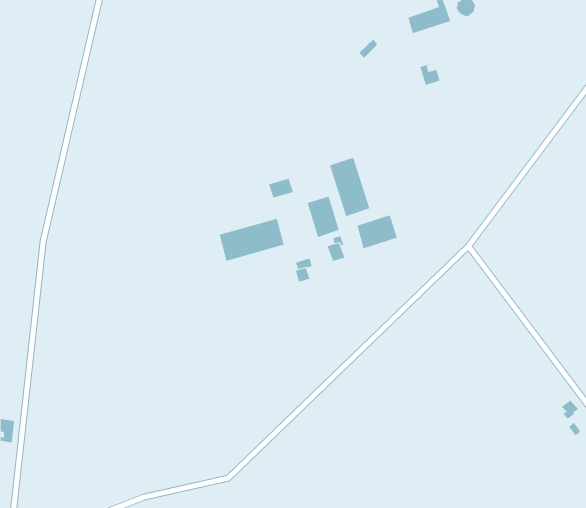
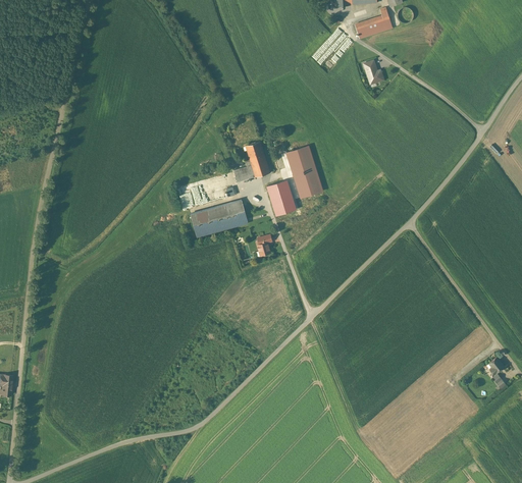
building: none -> [246,141,270,176]
building: [357,215,398,249] -> none

